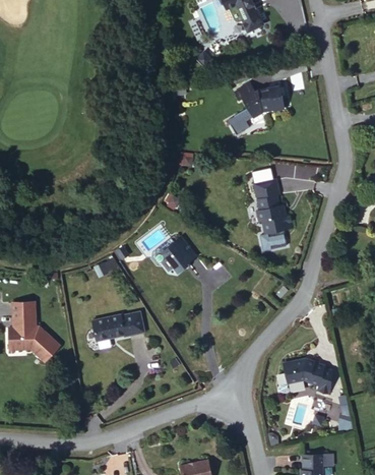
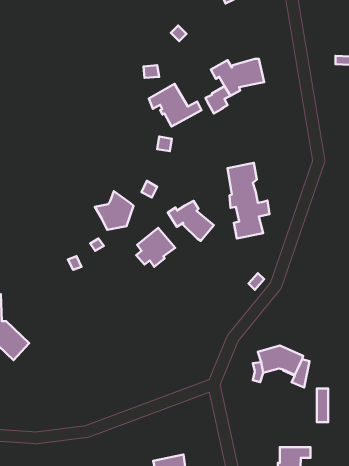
building: none -> [149,84,202,126]
building: none -> [95,191,134,230]
building: none -> [168,201,214,241]
building: [93,316,147,348] -> none

